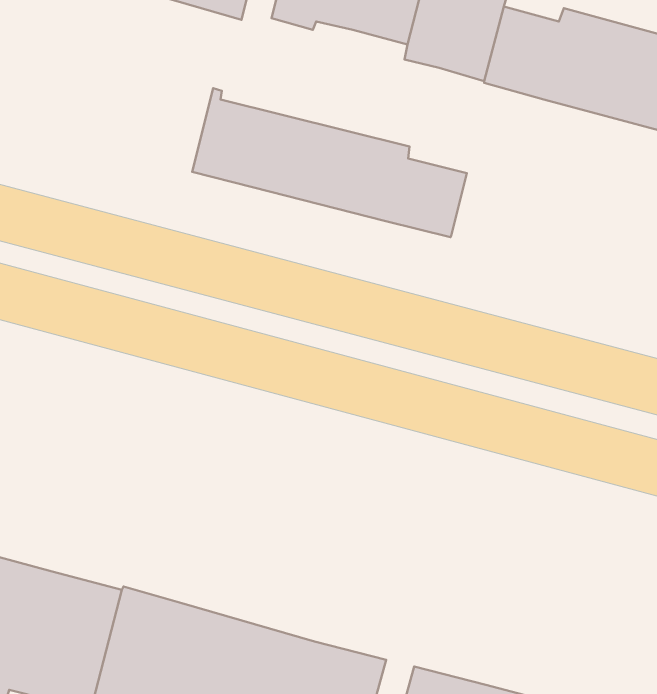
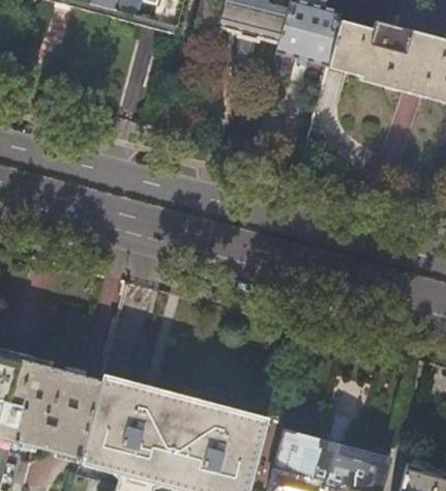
building: [192,88,467,237] -> none

